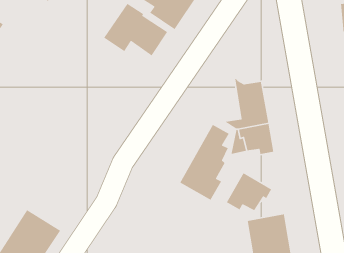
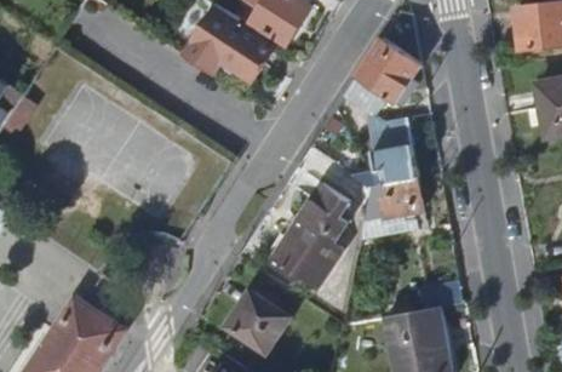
building: none -> [342,36,418,116]
building: [226,172,272,211] -> none
building: none -> [228,291,287,351]

